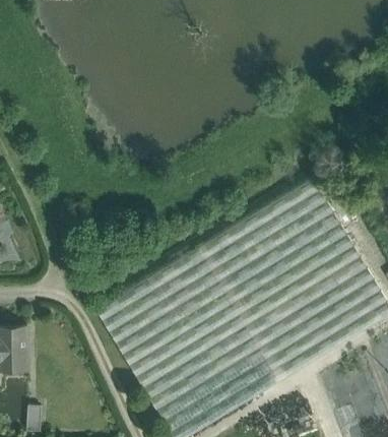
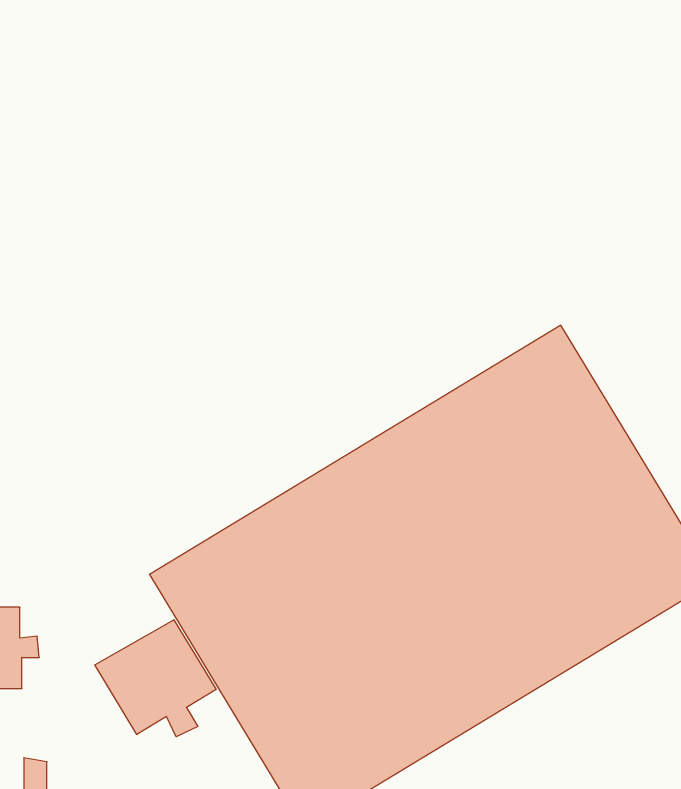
building: none -> [95,620,216,737]

